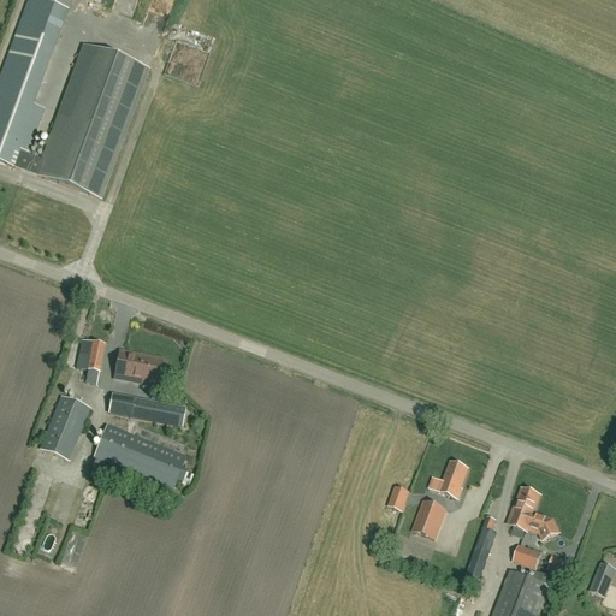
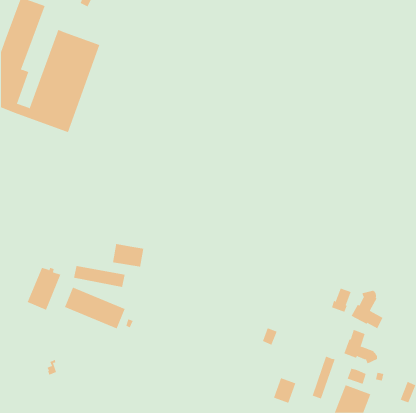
building: [77,338,105,383] -> none
building: [116,349,162,384] -> [112,244,144,267]
building: none -> [351,290,383,329]
building: [438,461,468,497] -> [331,288,351,312]
building: [413,499,446,538] -> [273,377,296,403]

